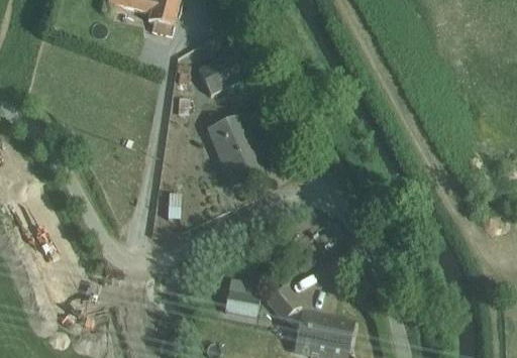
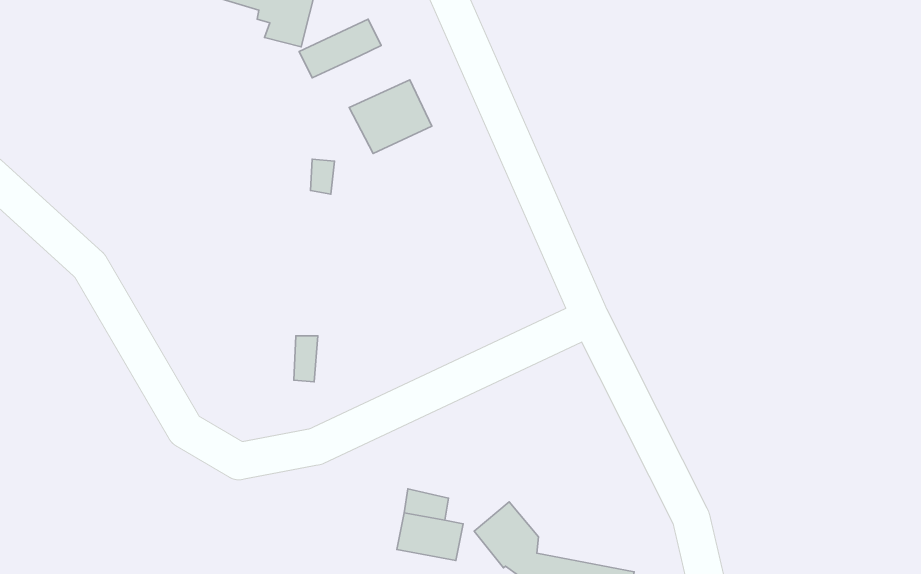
building: none -> [299,19,381,78]
building: [207,115,262,186] -> none

